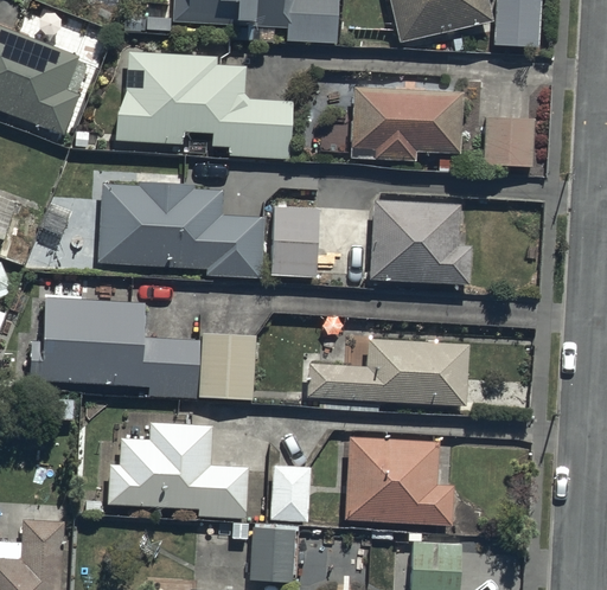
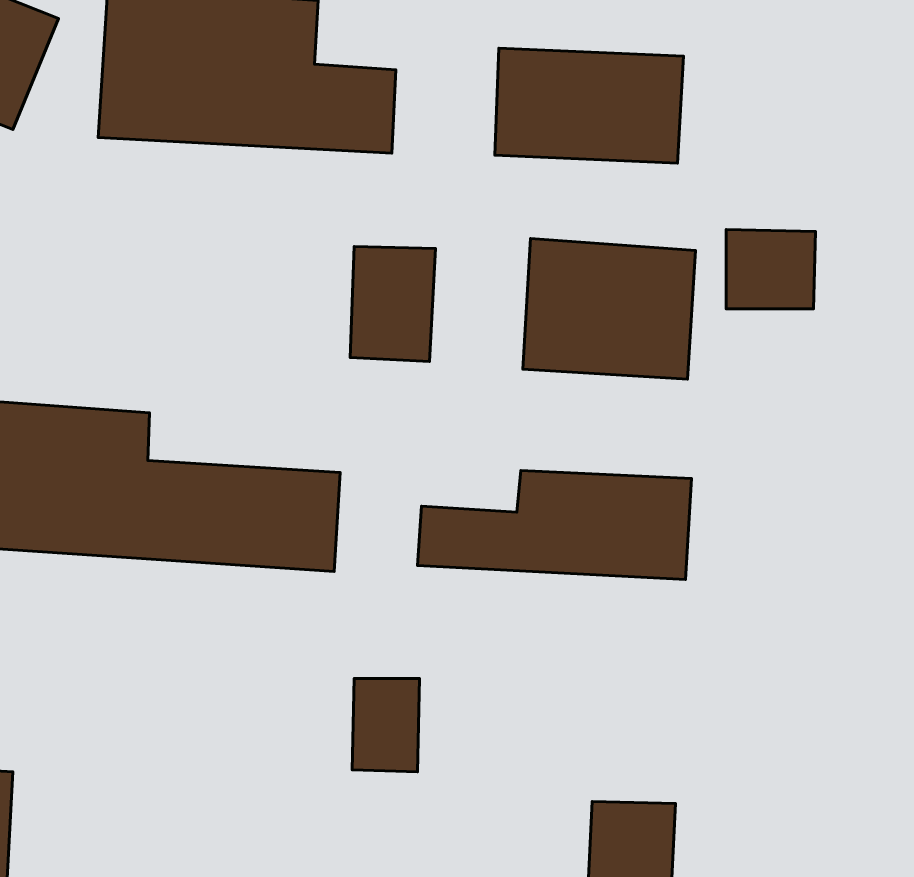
building: [481,116,535,163] -> [726,230,816,309]
building: [97,181,267,272] -> none
building: [104,423,253,518] -> none
building: [345,438,458,526] -> none
building: [249,522,295,579] -> none

